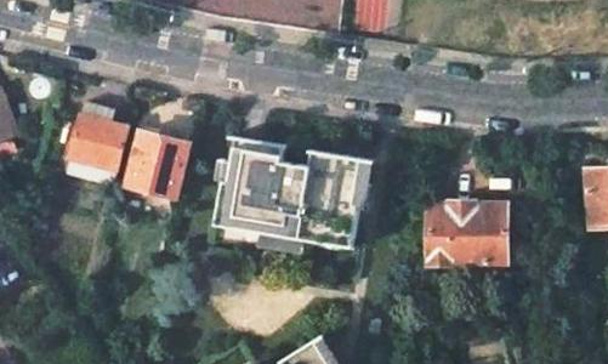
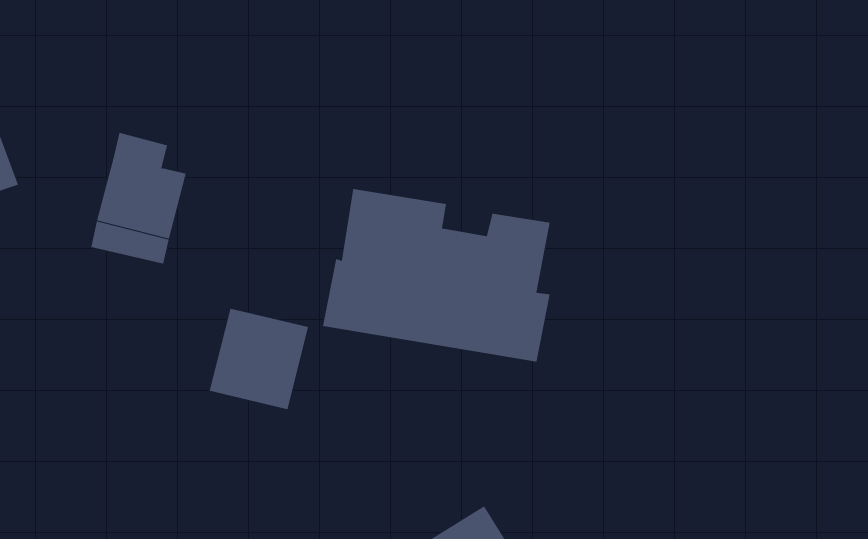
building: [124,131,188,197] -> [209,308,309,410]
building: [427,203,504,262] -> none

